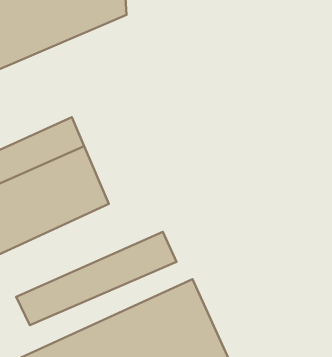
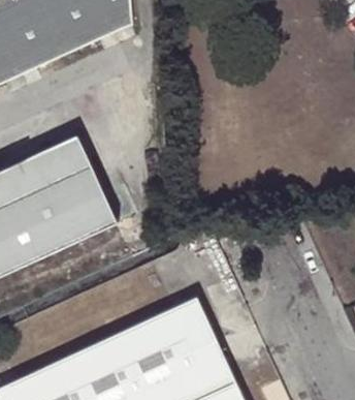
building: [16,232,176,325] -> none

